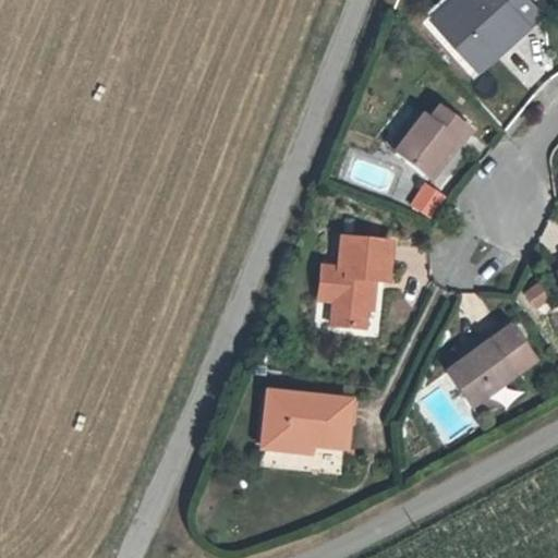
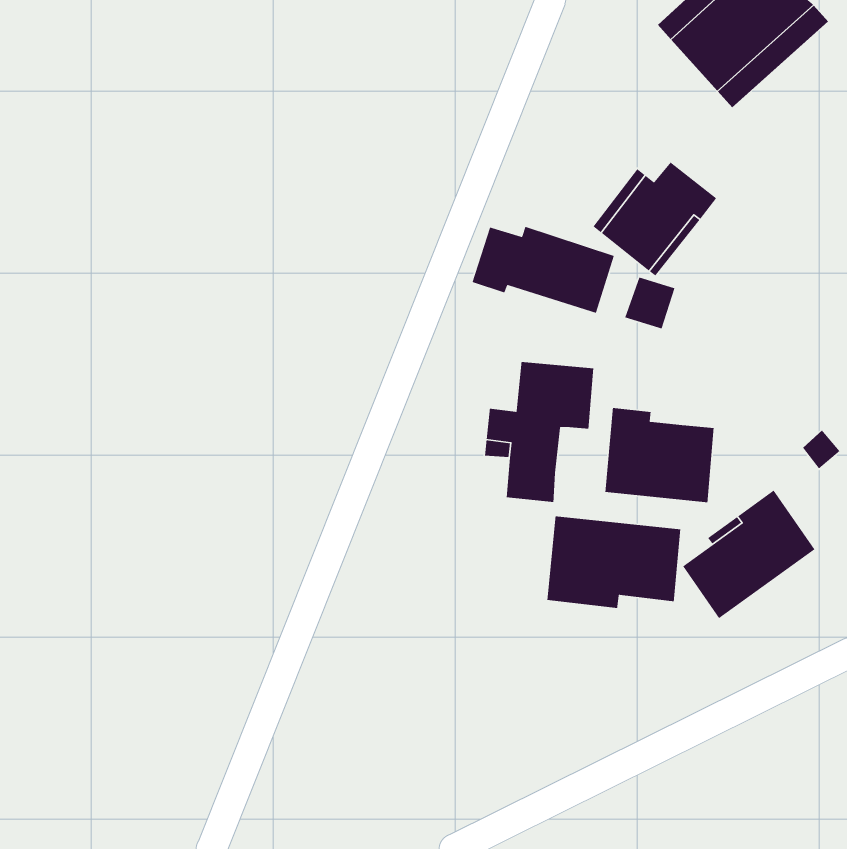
building: none -> [471,226,615,314]
building: none -> [605,407,715,503]
building: [263,391,351,452] -> [546,515,681,609]

